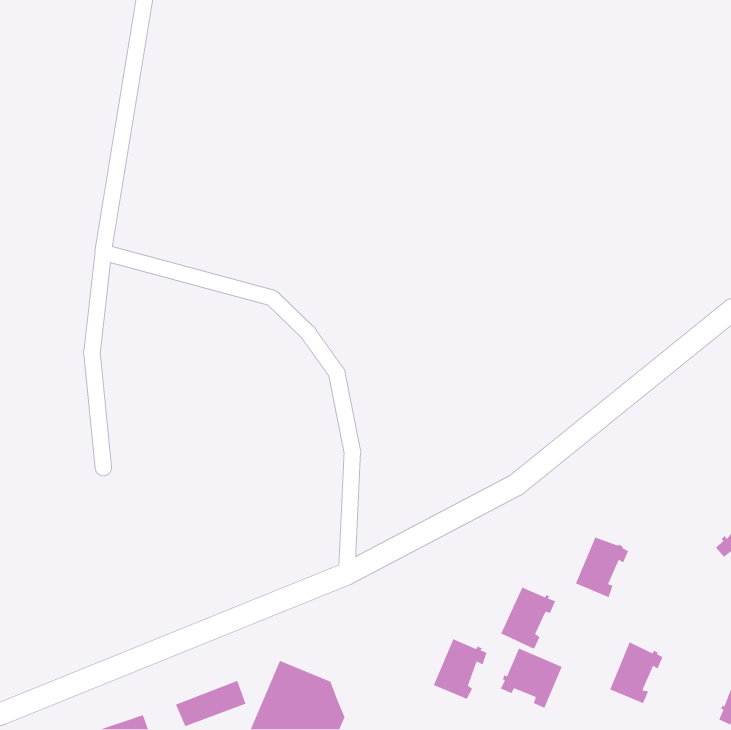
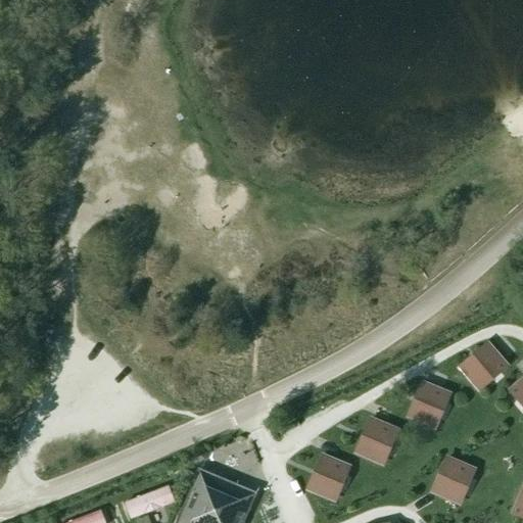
building: none -> [461,343,509,388]
building: [500,648,563,709] -> none

